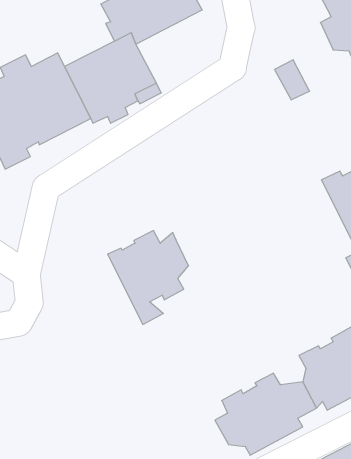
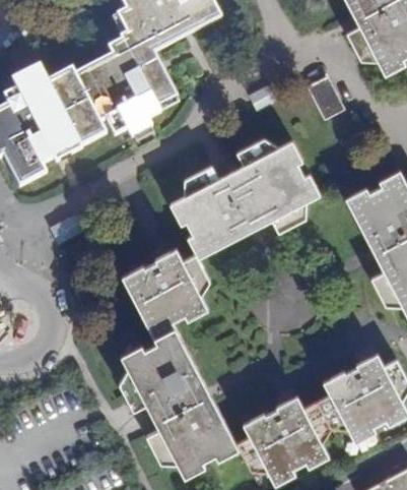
building: none -> [173,140,312,259]
building: none -> [119,336,235,474]

